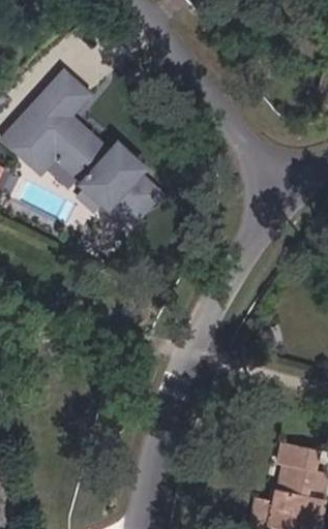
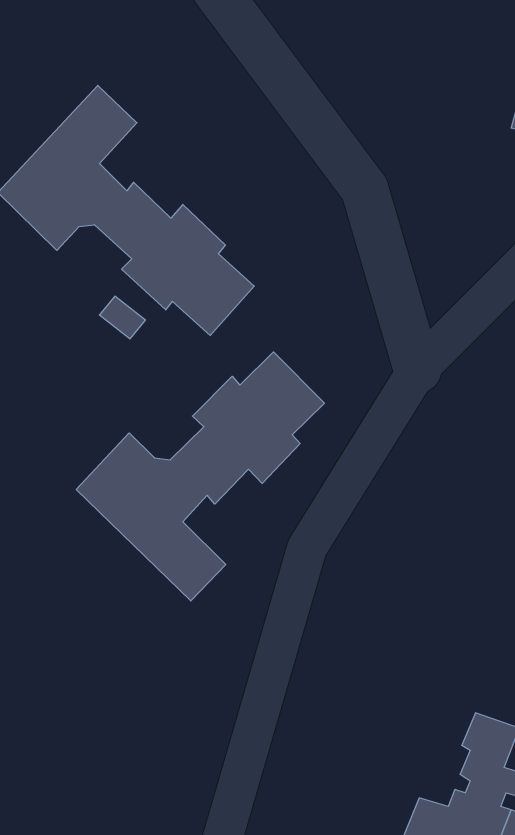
building: none -> [76,352,324,601]

